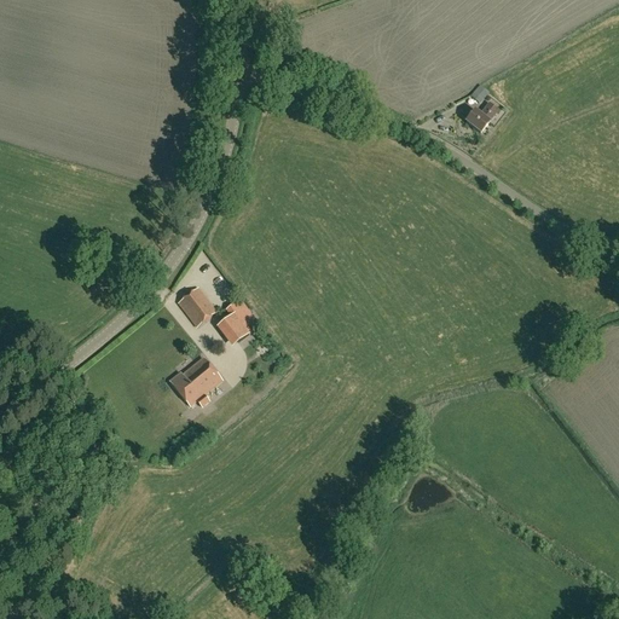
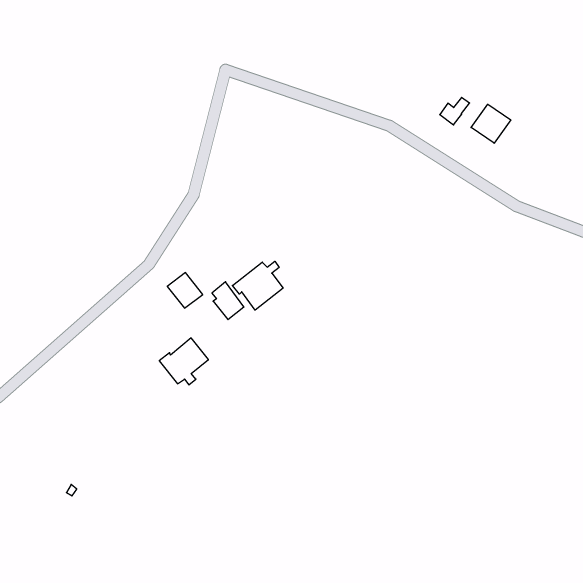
building: none -> [471,104,511,143]
building: none -> [232,261,283,310]

